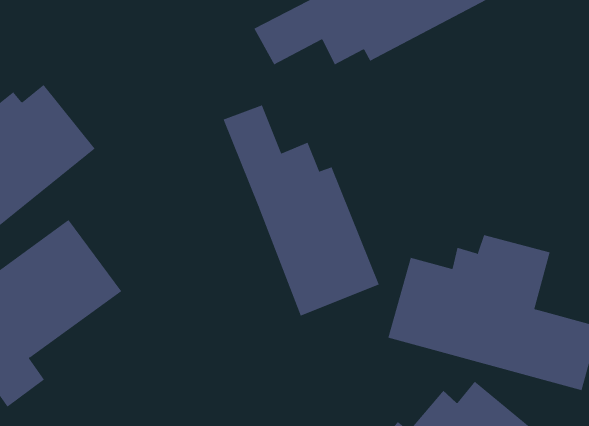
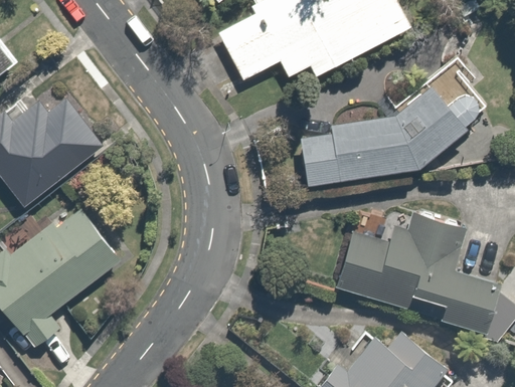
building: none -> [297,69,487,184]
building: [223,104,379,316] -> none

